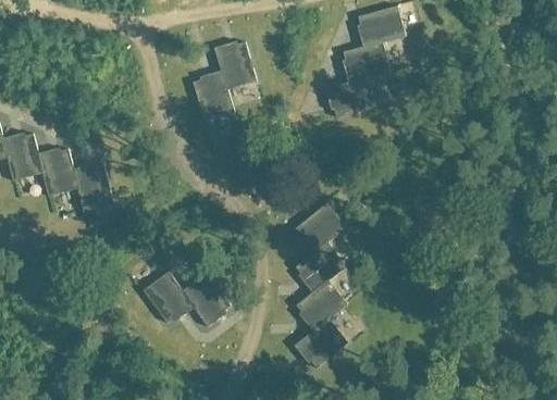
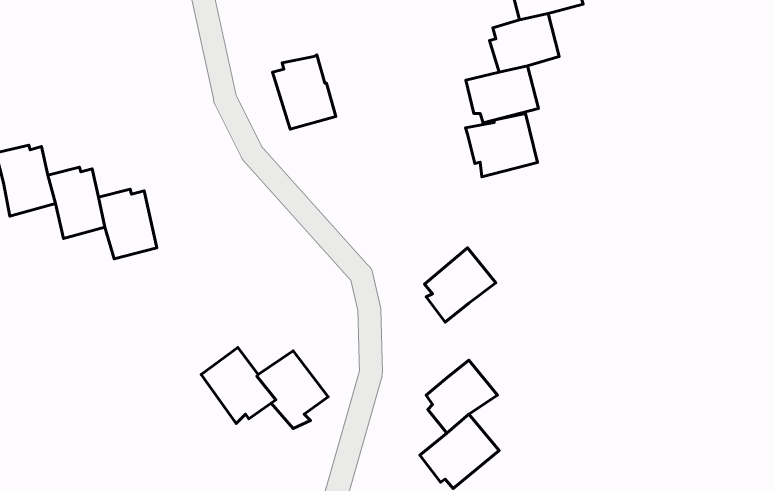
building: [213,40,257,89] -> none
building: none -> [466,113,537,177]
building: [296,240,347,291] -> none

